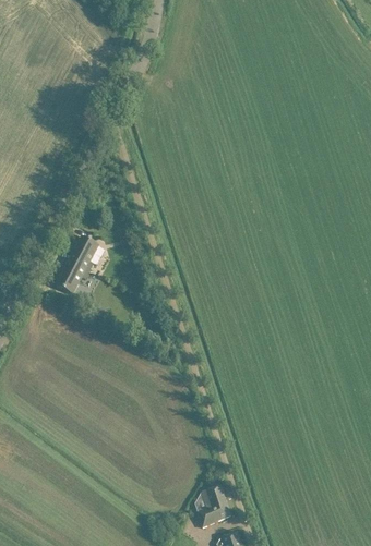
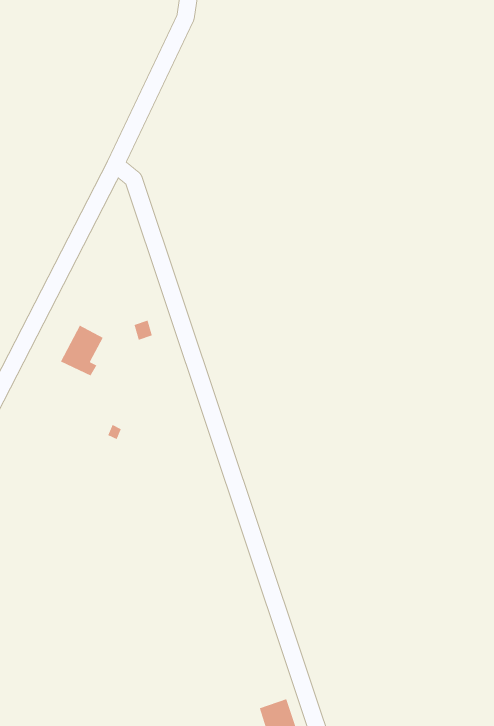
building: [57,262,91,295] -> none

